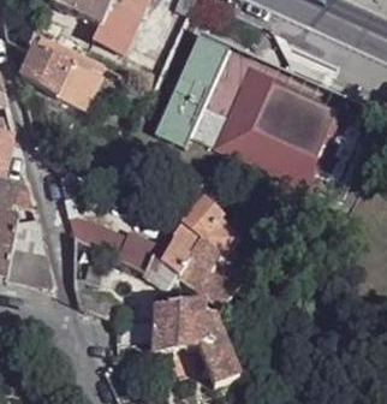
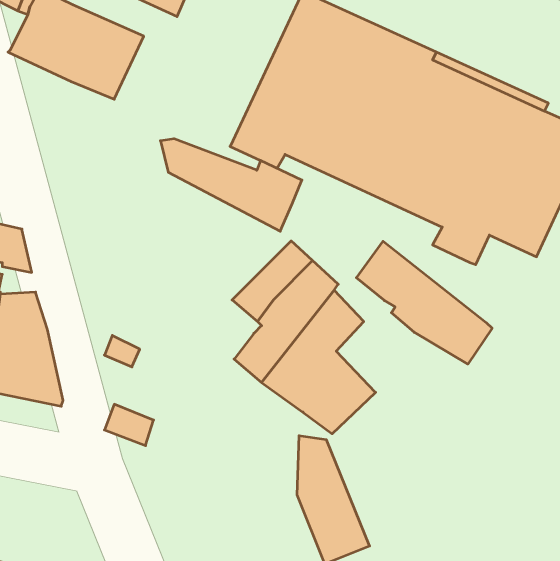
building: none -> [356,241,492,364]
building: [66,215,153,272] -> [160,139,302,231]
building: [151,299,197,351] -> none

